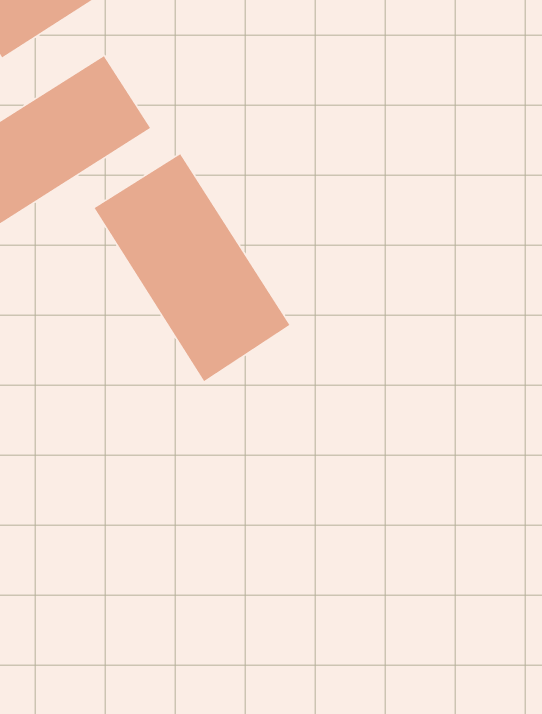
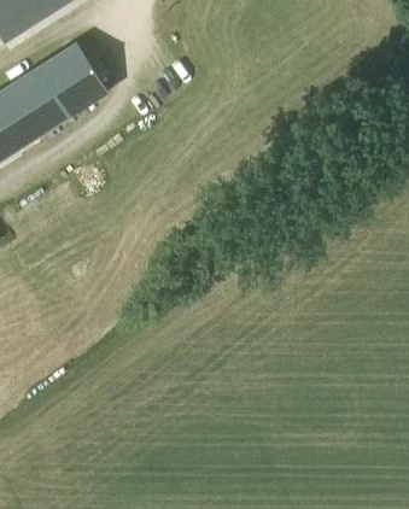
building: [93,153,290,382] -> none

